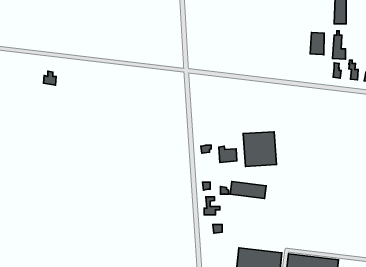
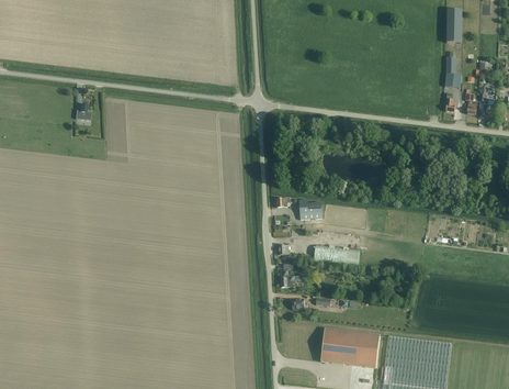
building: [310,32,324,55] -> none
building: [243,132,277,166] -> none

